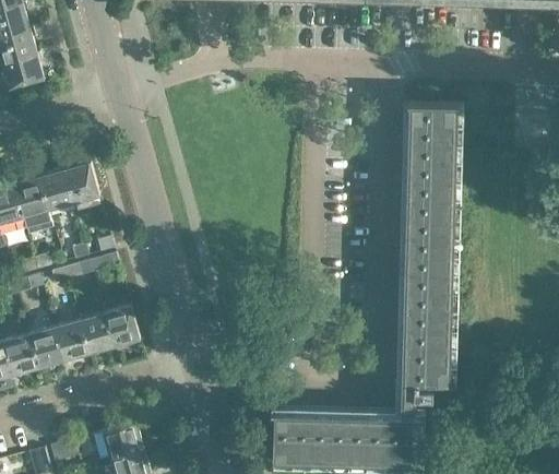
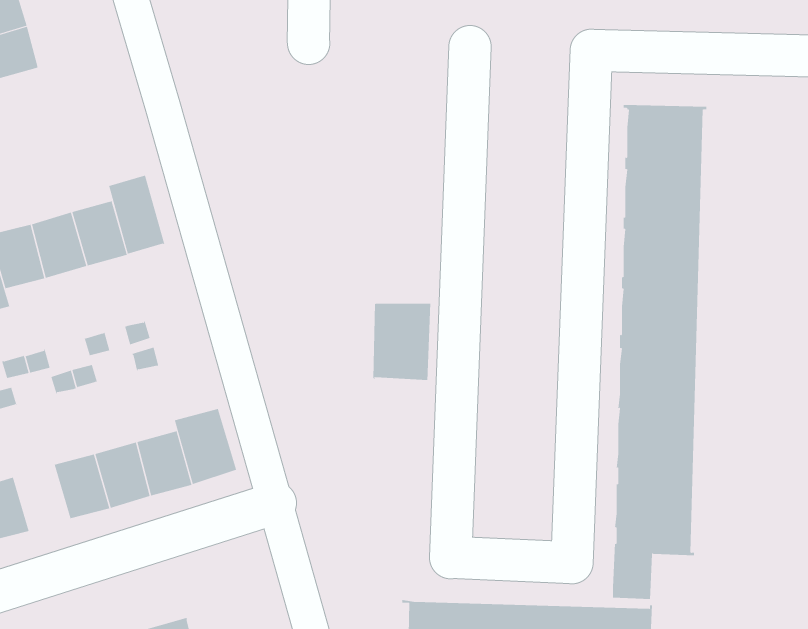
building: none -> [108,174,165,255]
building: none -> [373,303,431,381]
building: none -> [174,408,237,485]
building: [28,327,63,368] -> none

